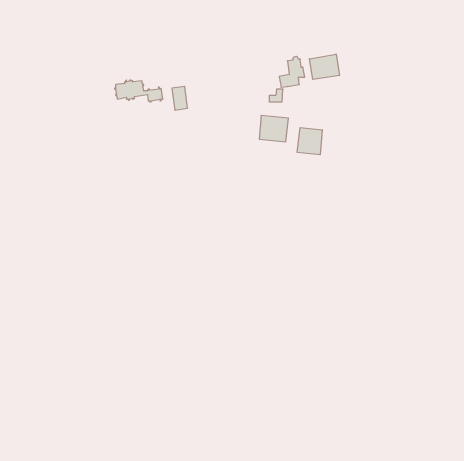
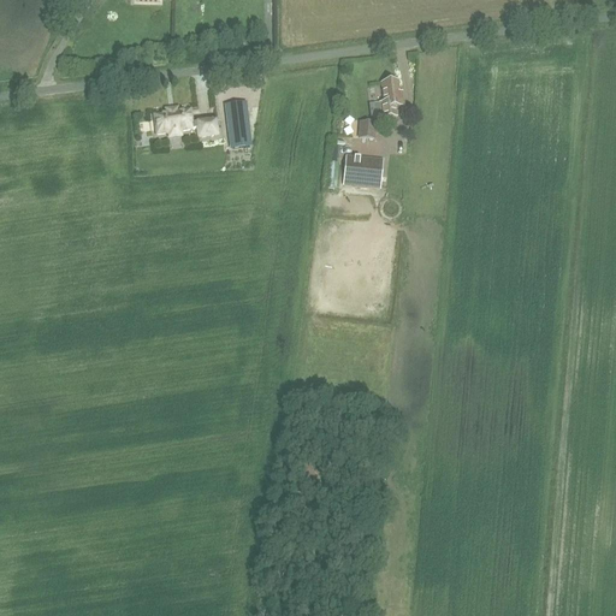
building: [309,54,340,79] -> none
building: [297,128,322,155] -> none

